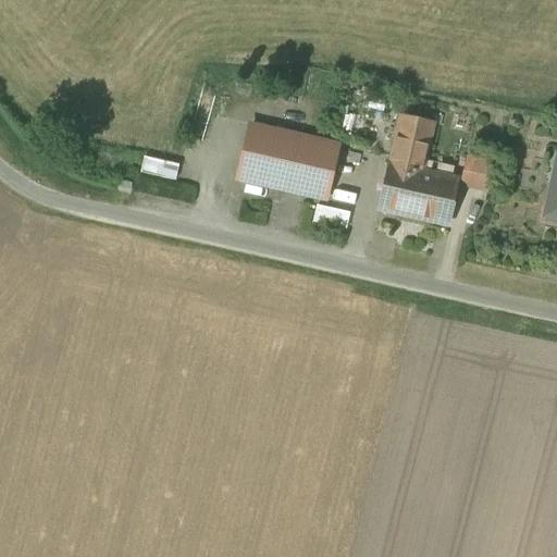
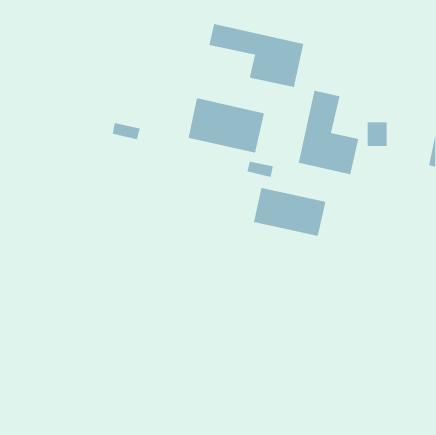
building: none -> [209,23,304,88]
building: none -> [253,187,326,237]

